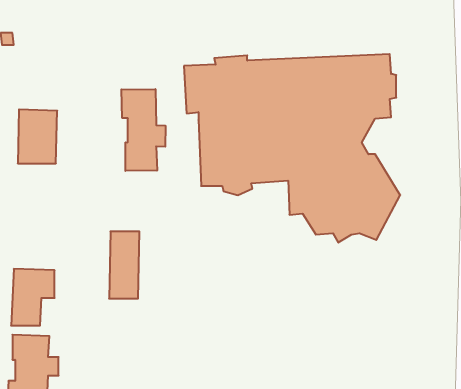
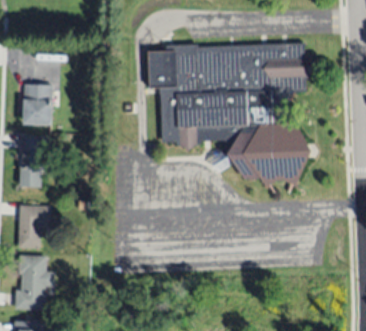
building: [121,89,165,171] -> none
building: [109,231,139,299] -> [20,136,43,187]

